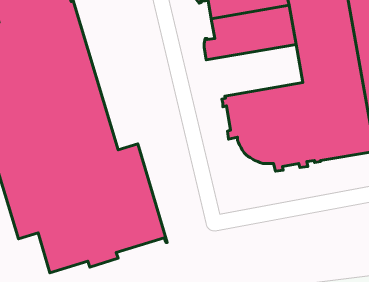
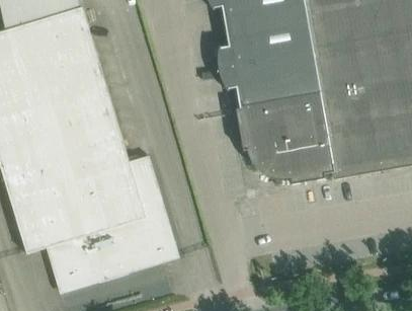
building: none -> [220,54,320,107]

